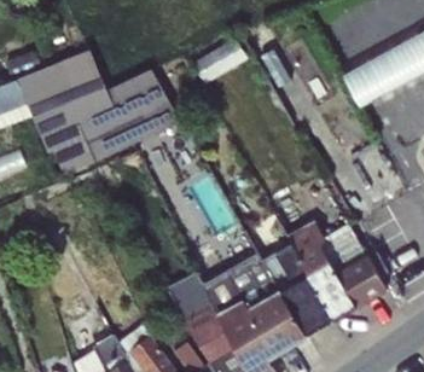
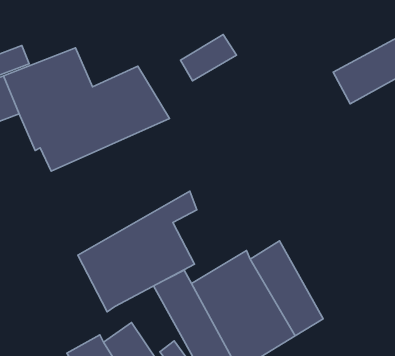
building: none -> [78,191,197,312]
building: [286,220,387,319] -> none

